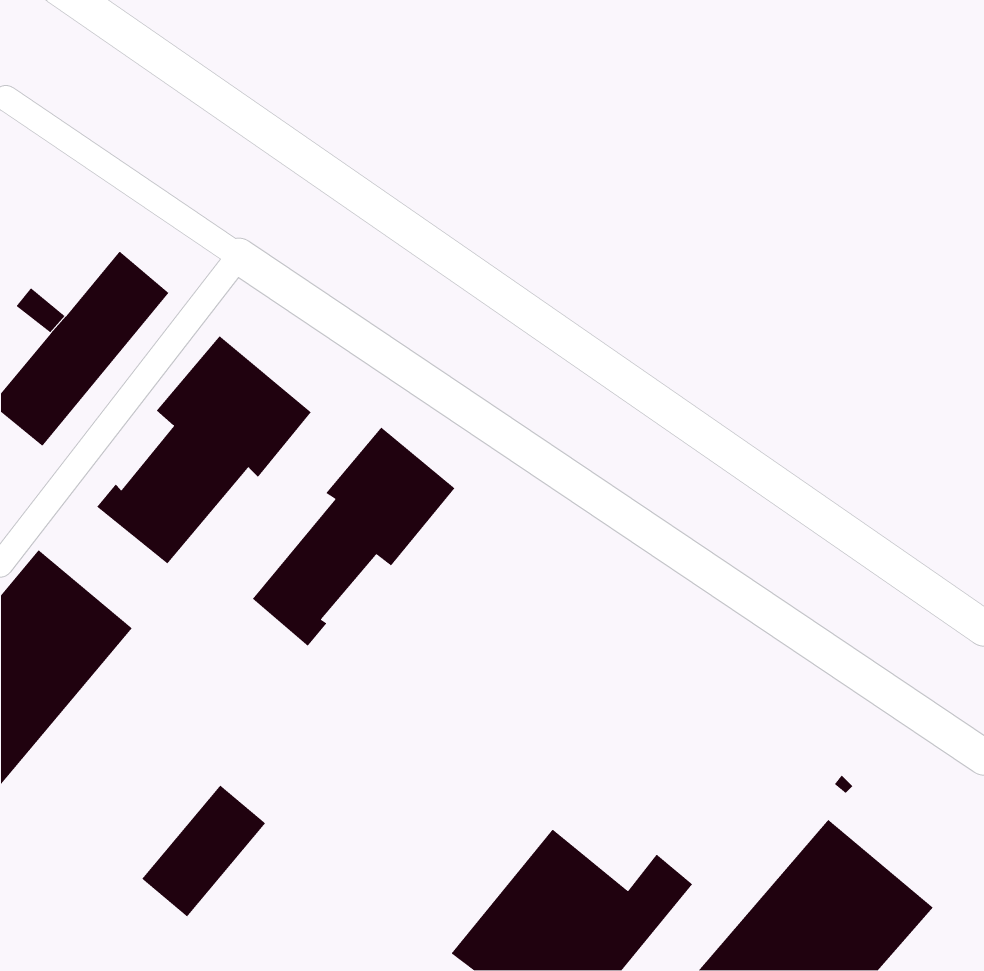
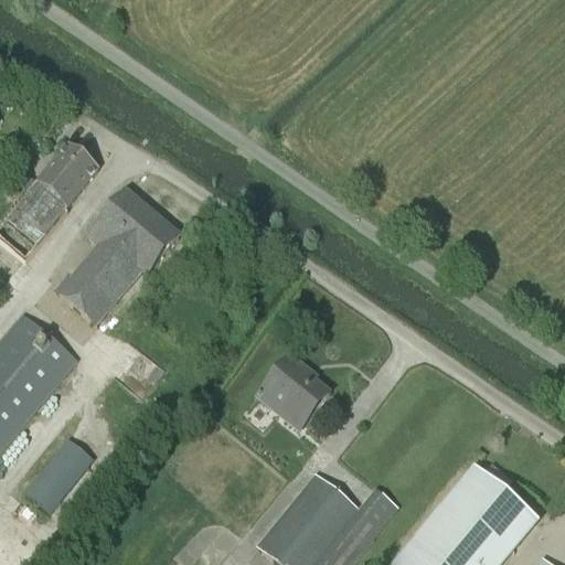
building: [252,426,455,647] -> none
building: none -> [258,355,330,422]
building: [141,785,266,918] -> [21,438,93,514]

